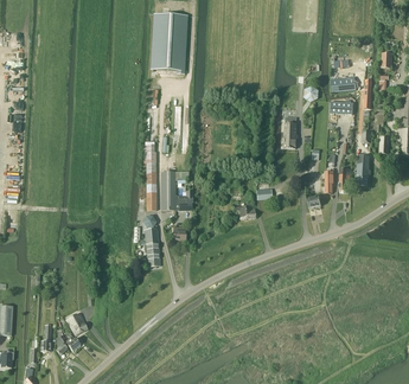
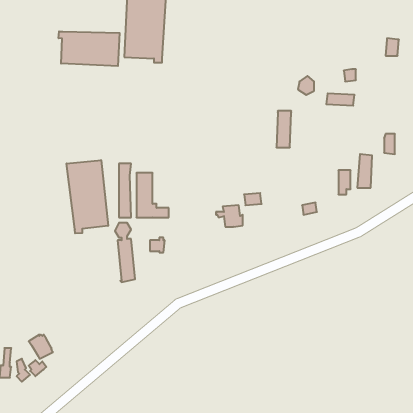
building: none -> [59,31,120,66]
building: none -> [67,160,108,233]

